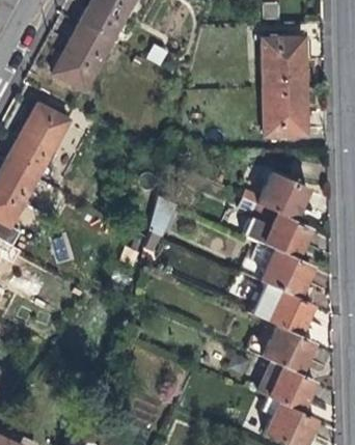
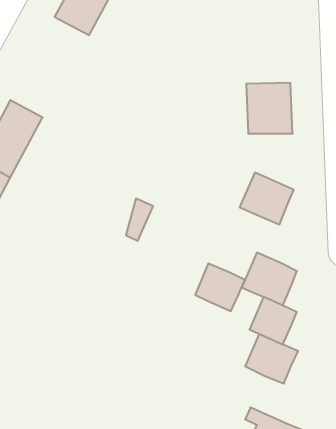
building: [53,23,113,91] -> none
building: [262,37,306,87] -> none
building: [264,214,311,259] -> [195,263,245,311]
building: [268,367,316,413] -> none

